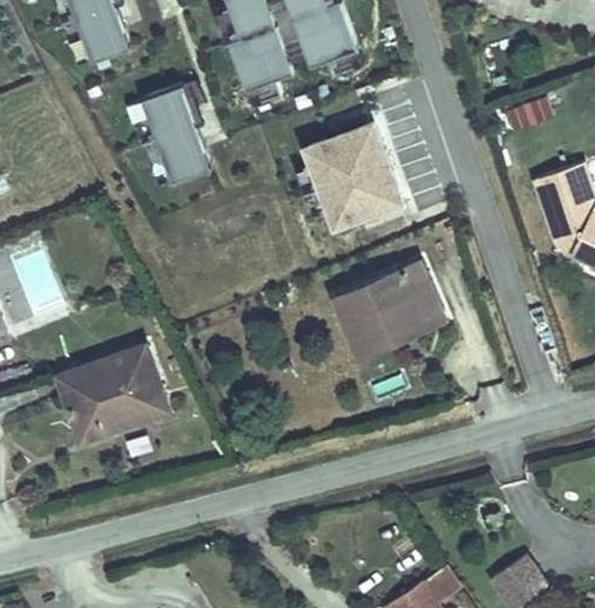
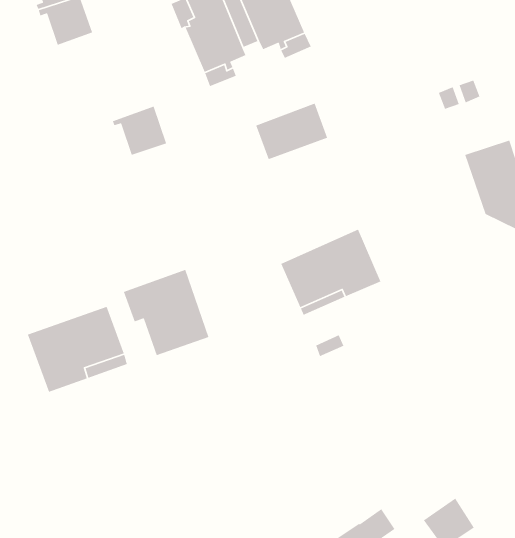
building: [141,84,196,144] -> none
building: [321,163,400,224] -> none
building: none -> [123,269,209,356]

